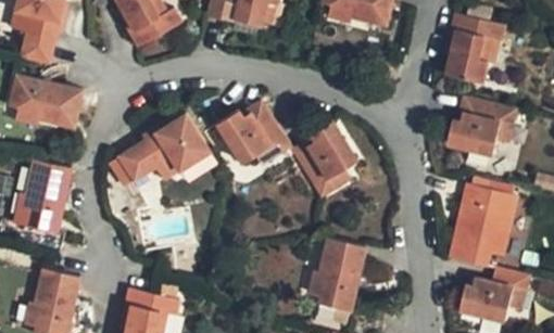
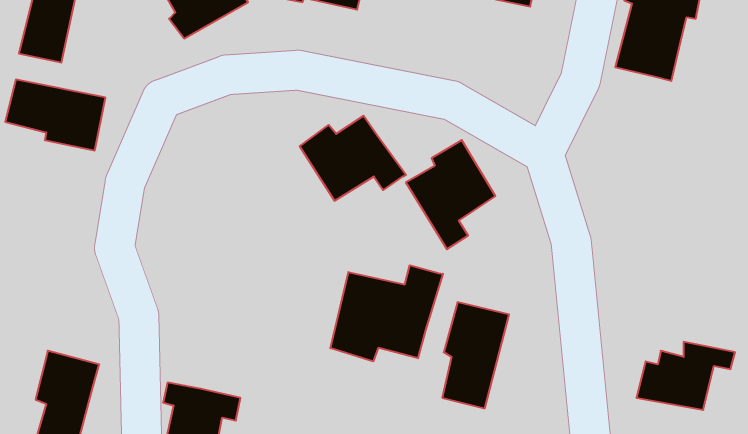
building: [450,93,515,149] -> none
building: [119,115,212,183] -> none
building: [24,161,70,234] -> none
building: [456,190,517,264] -> none
building: none -> [330,265,443,361]

